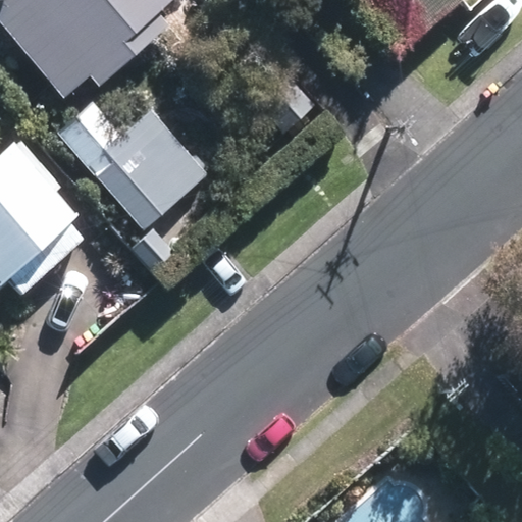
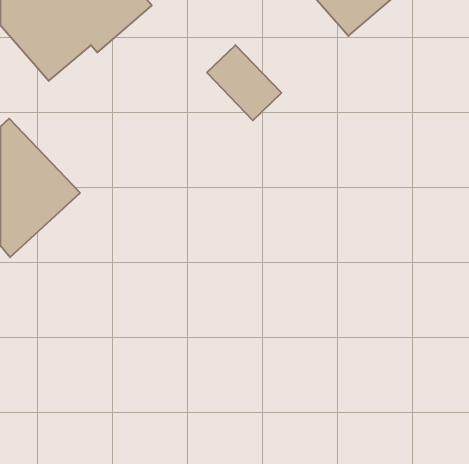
building: [86,114,196,223] -> none

